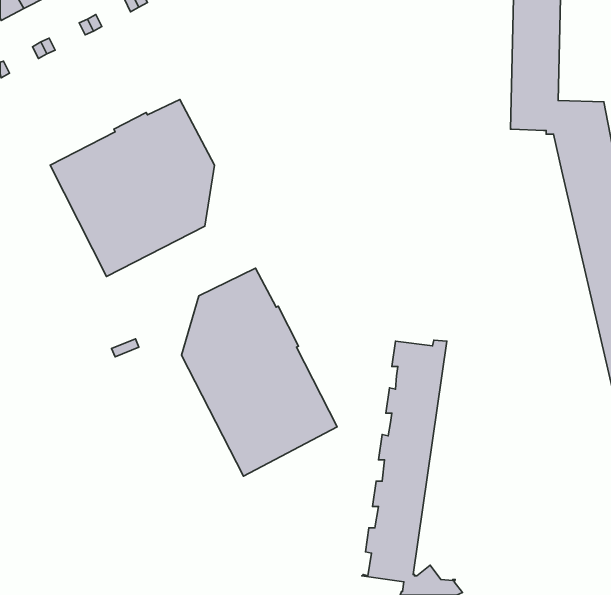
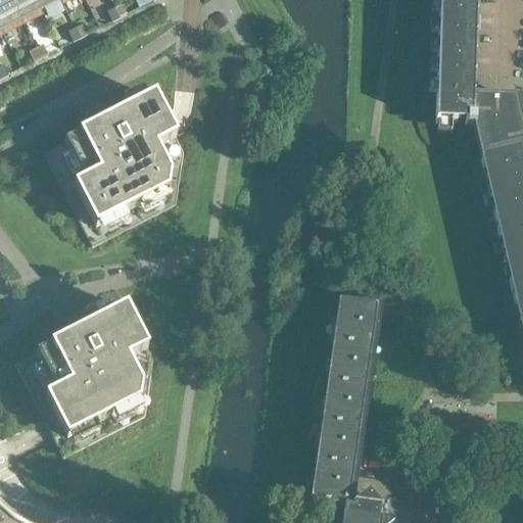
building: [181,268,337,476] -> none
building: none -> [15,295,153,446]

